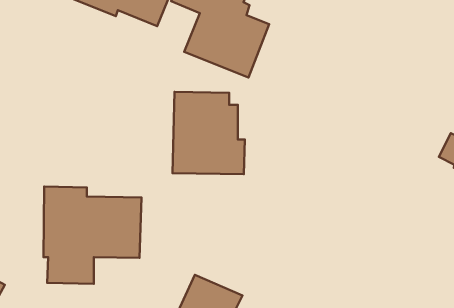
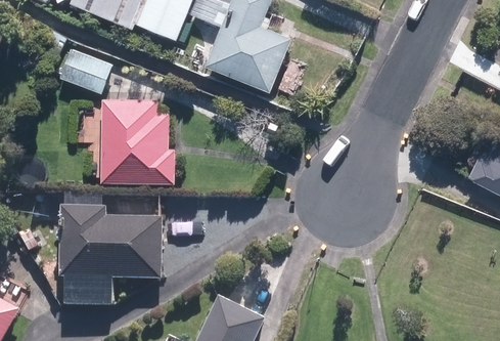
building: none -> [58,47,111,92]
building: [173,92,245,174] -> [99,97,174,182]

